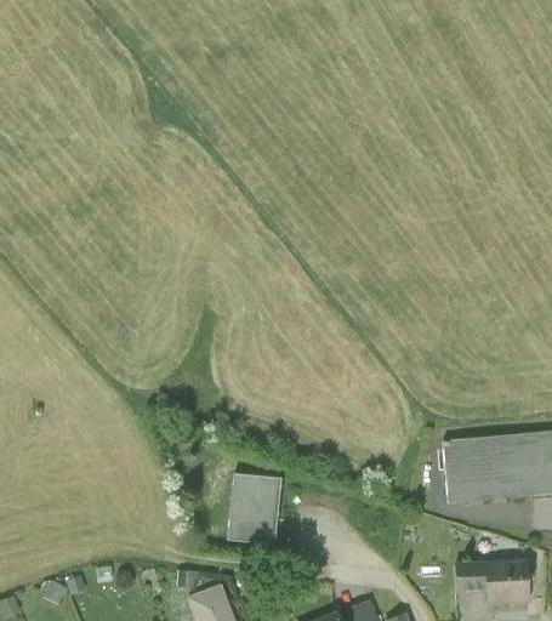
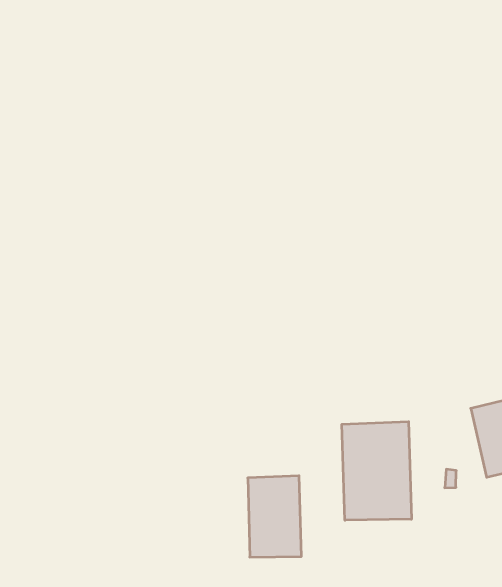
building: none -> [342,422,411,520]

